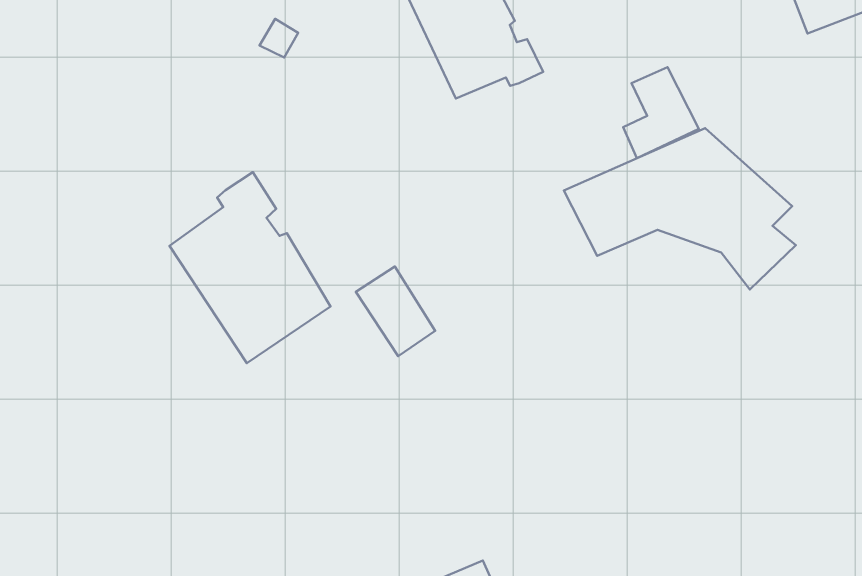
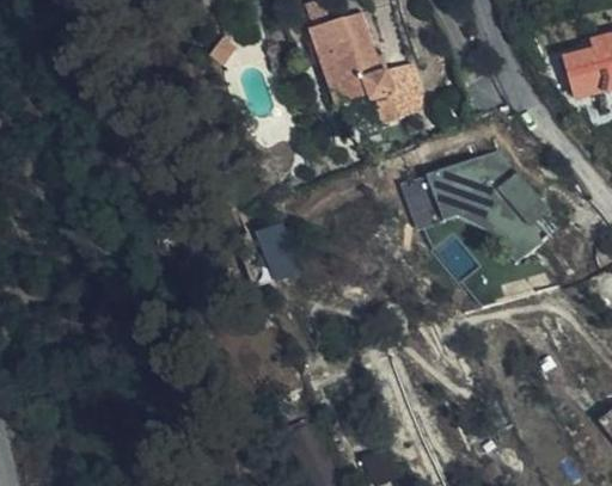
building: [623,67,699,158] -> [378,68,428,127]
building: [170,172,331,363] -> none

